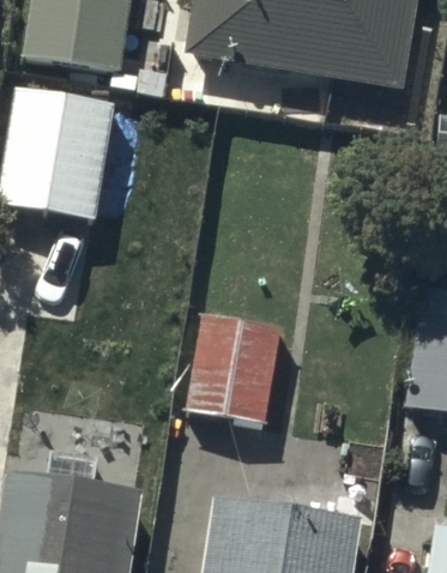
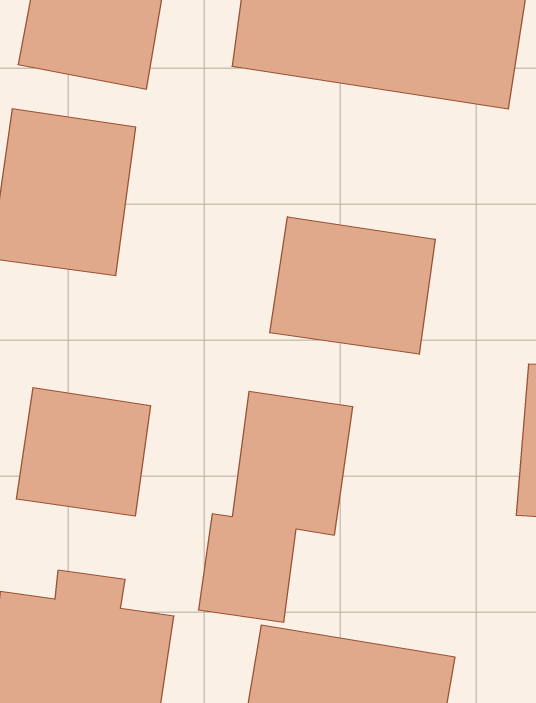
building: none -> [270,217,435,354]
building: none -> [16,388,150,516]

